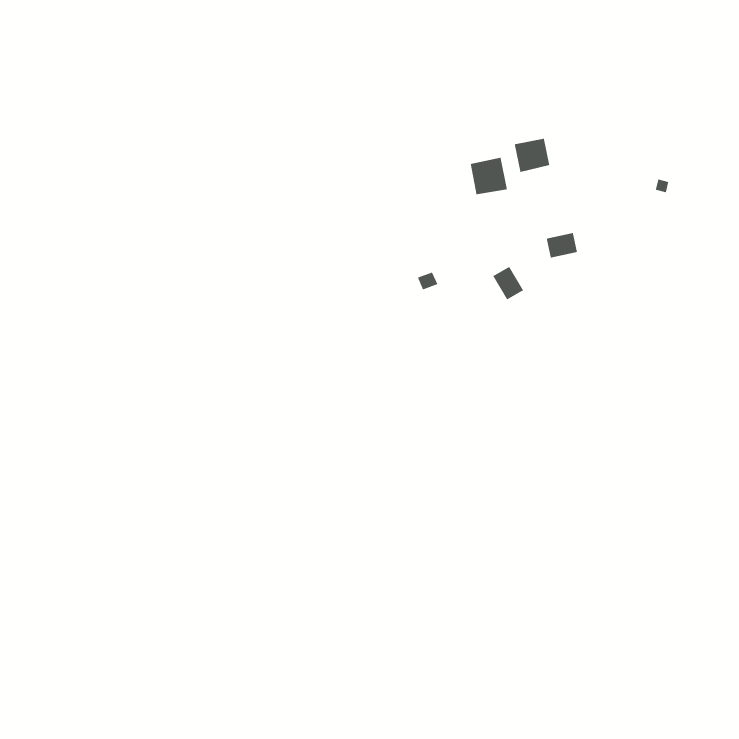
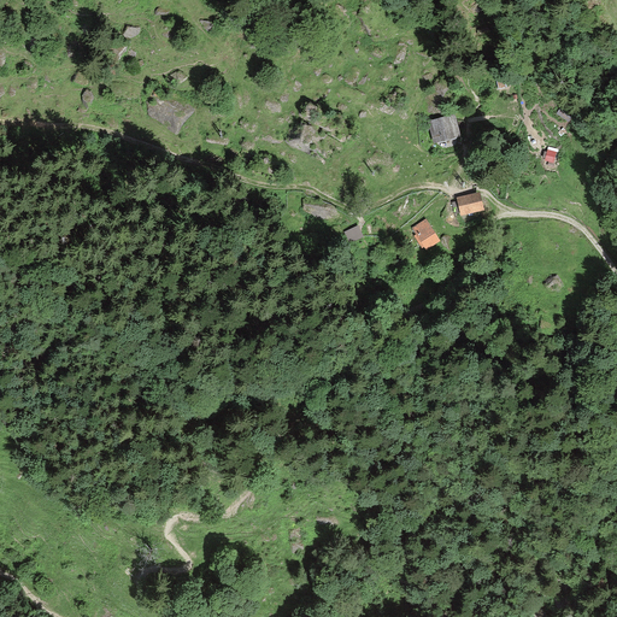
building: [470,157,508,195] -> none

